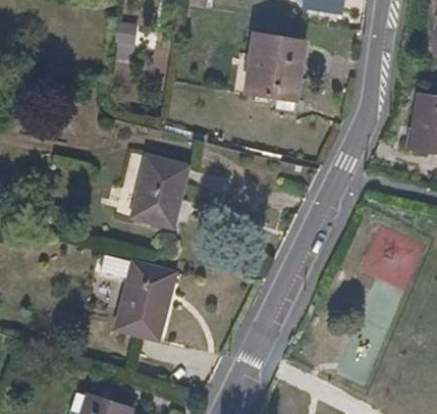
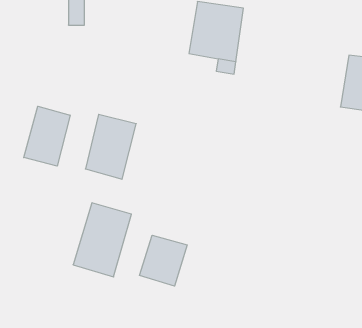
building: none -> [24,106,70,166]
building: none -> [139,235,187,286]

